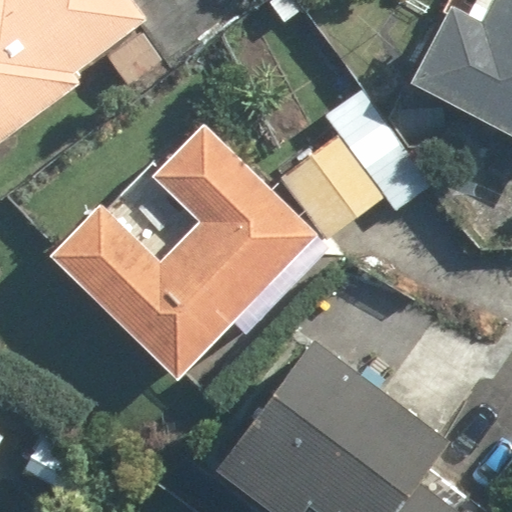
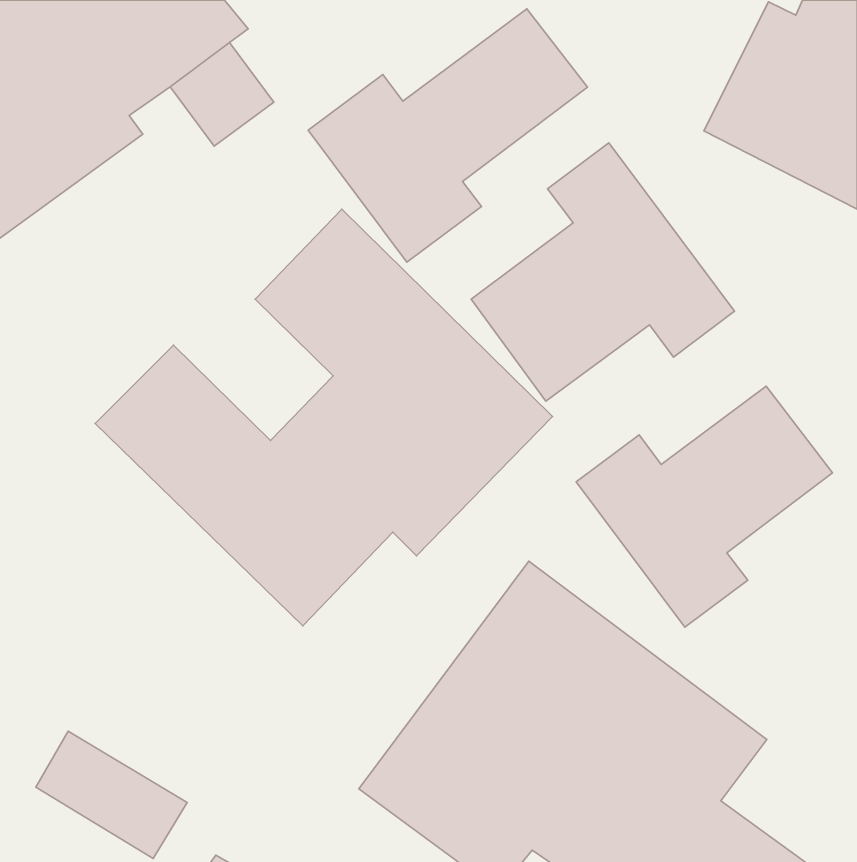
building: none -> [308,9,587,262]
building: none -> [576,386,832,627]

